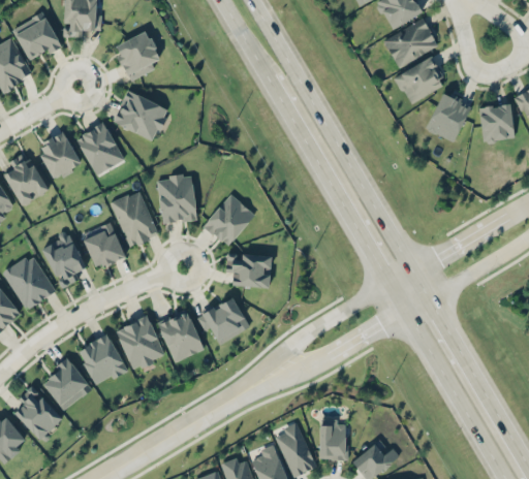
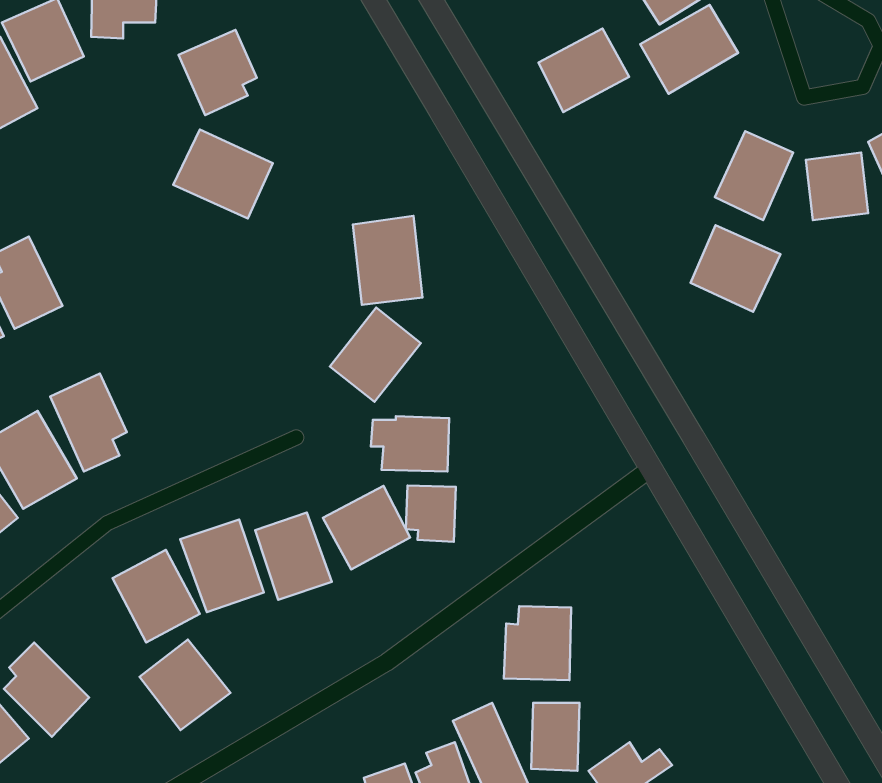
building: [394,57,446,105] -> [538,29,629,112]
building: [76,122,124,174] -> none
building: [37,132,82,180] -> none
building: none -> [690,225,780,312]
building: [156,172,196,224] -> [353,216,422,305]
building: [111,190,159,248] -> none
building: [83,223,125,269] -> none
building: none -> [406,485,456,542]
building: [39,358,92,411] -> [140,639,230,730]
building: none -> [504,606,571,680]

